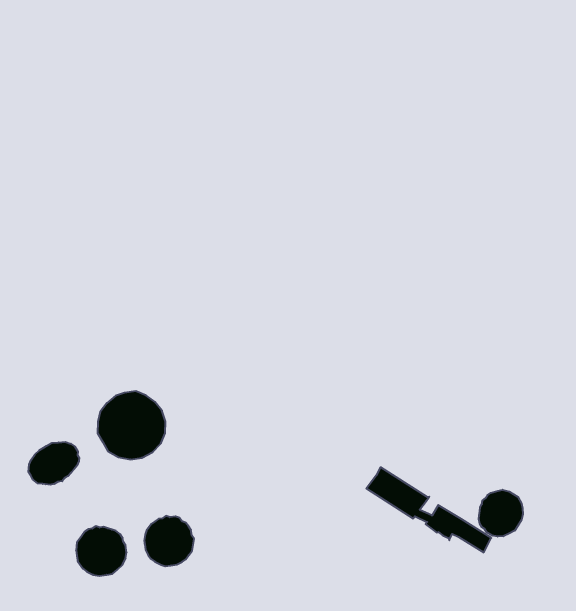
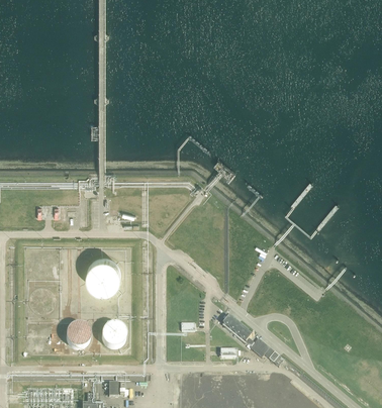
building: [29,442,79,485] -> none
building: [479,490,523,537] -> none

